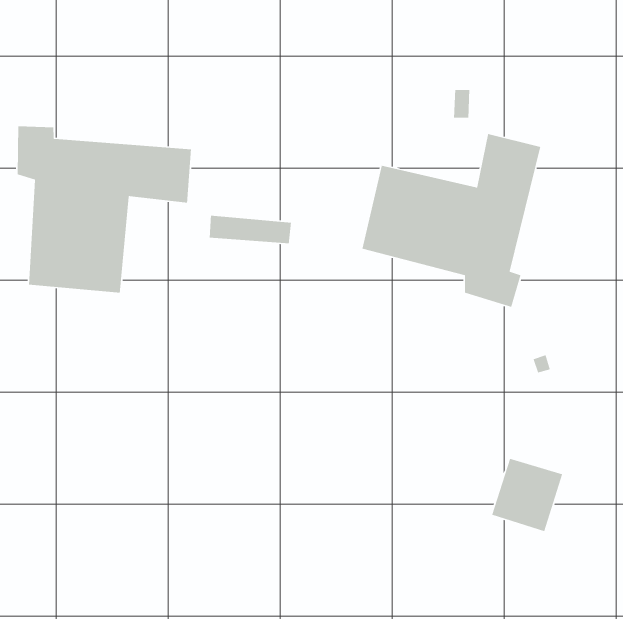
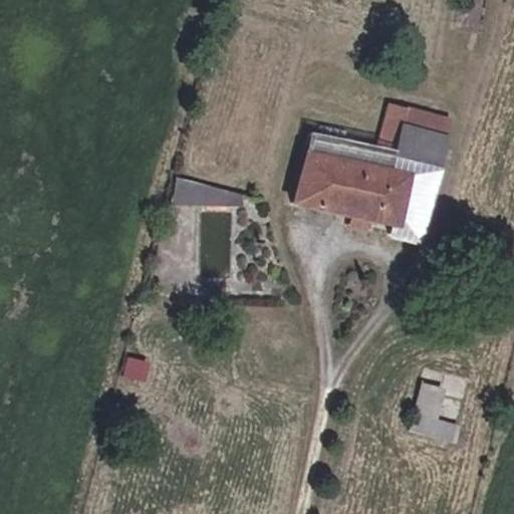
building: [17,125,192,293] -> none

